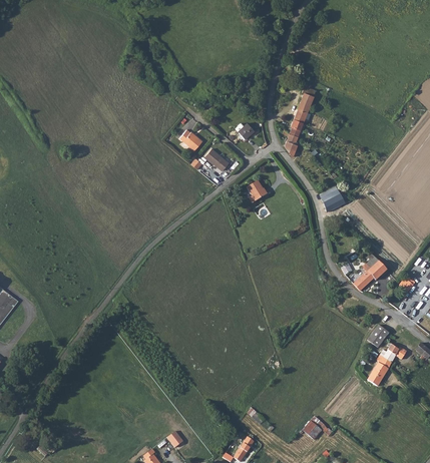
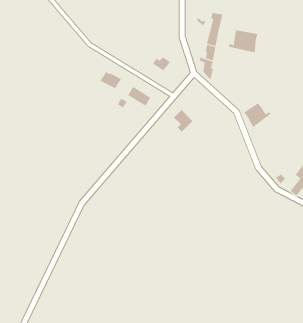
building: none -> [228,29,258,53]

